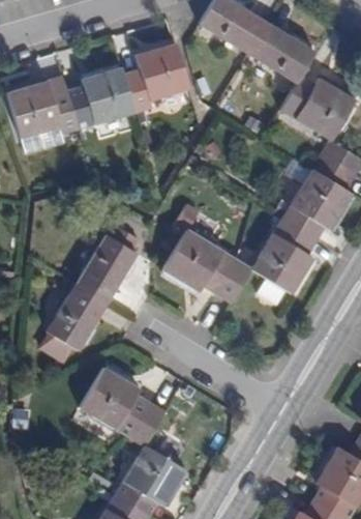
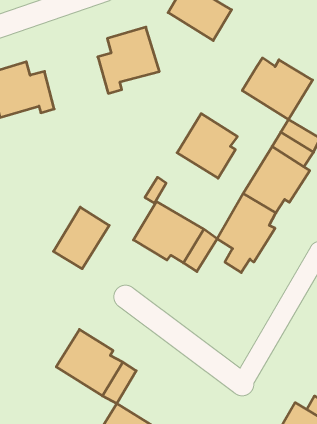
building: [248,22,315,83] -> none
building: [67,64,136,128] -> none
building: none -> [177,114,237,178]
building: [47,282,108,349] -> none

